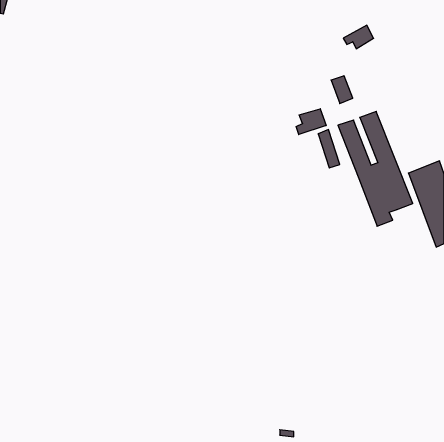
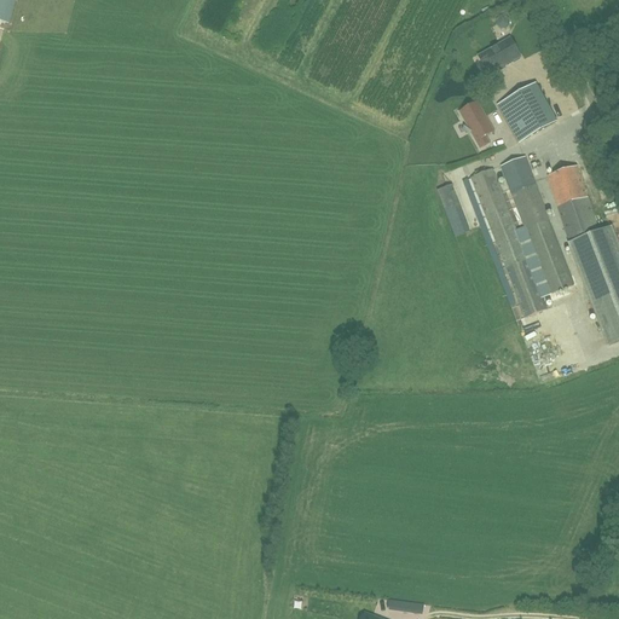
building: none -> [504,81,556,137]
building: [296,109,326,135] -> none
building: none -> [548,163,597,237]

